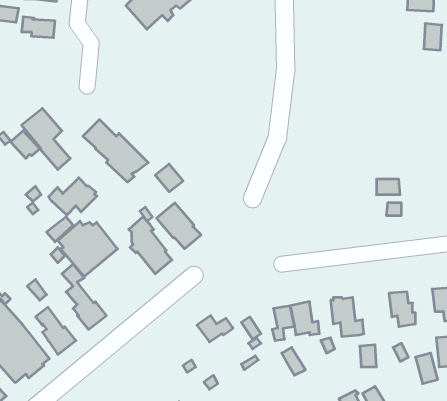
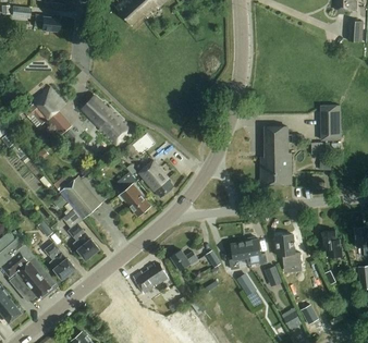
building: none -> [319,105,340,139]
building: none -> [259,124,300,183]
building: [49,178,97,215] -> none
building: none -> [132,262,168,293]

